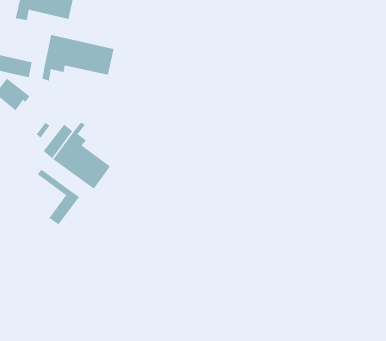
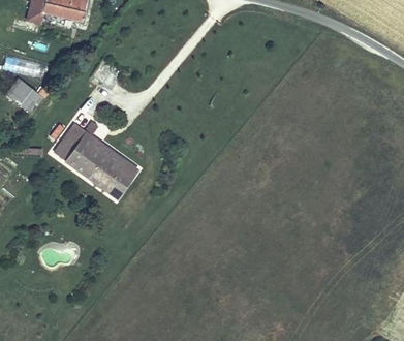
building: [42,34,114,81] -> none
building: [37,169,80,225] -> [96,141,138,196]

